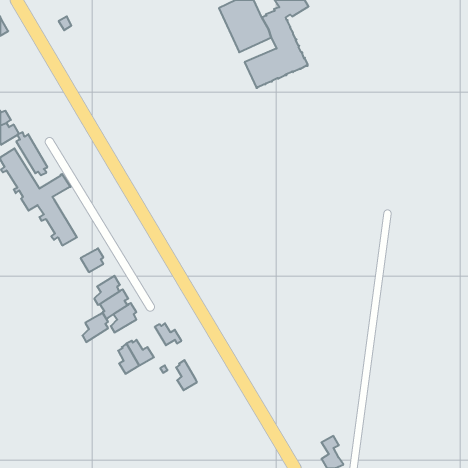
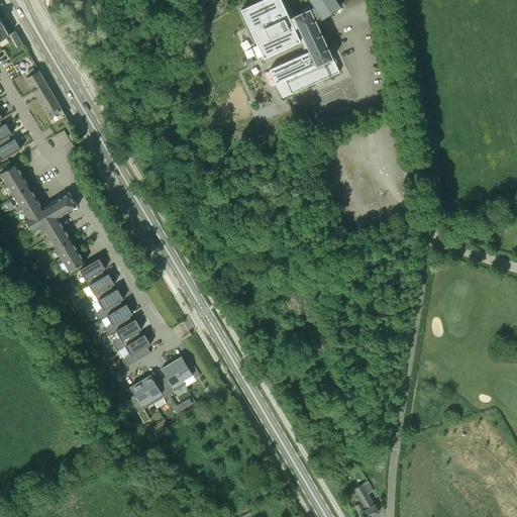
building: [16,132,47,175] -> [26,68,61,115]
building: none -> [80,258,105,285]
building: [82,313,108,342] -> [95,289,123,321]
building: [176,360,197,390] -> [162,360,185,394]

